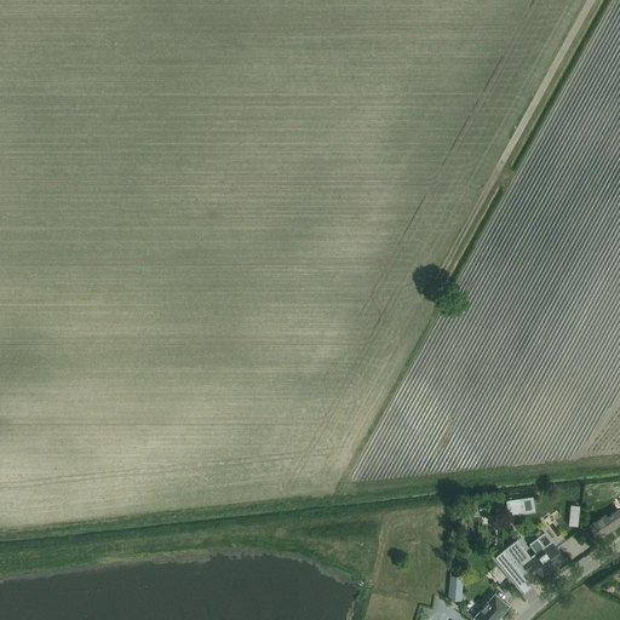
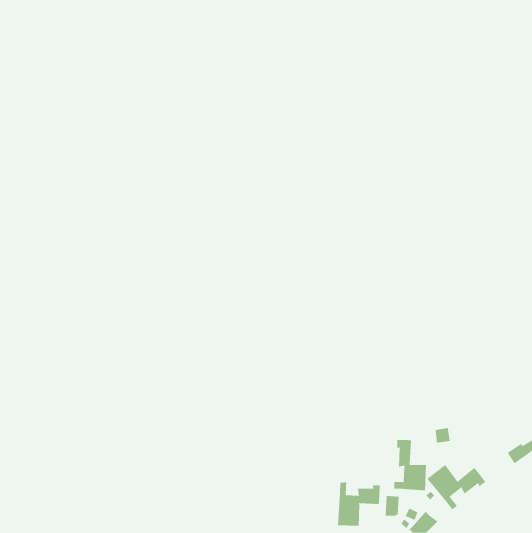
building: none -> [394,439,427,491]
building: none -> [338,482,380,526]

